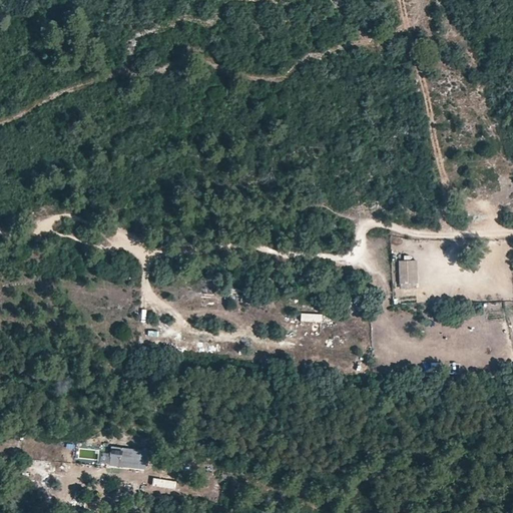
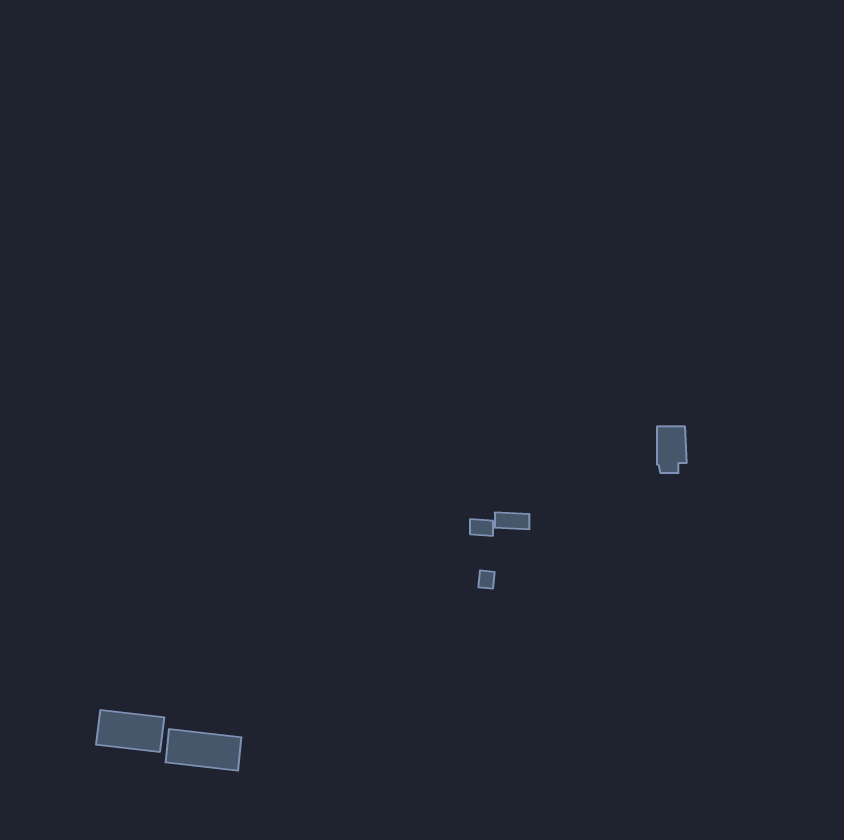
building: none -> [96,710,164,752]

